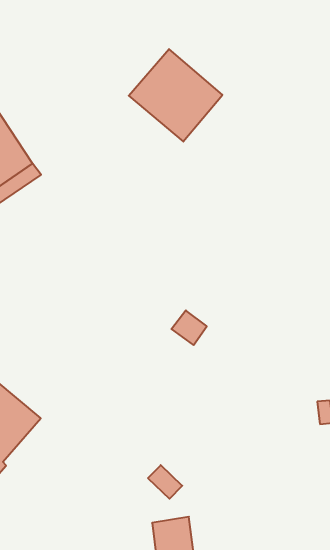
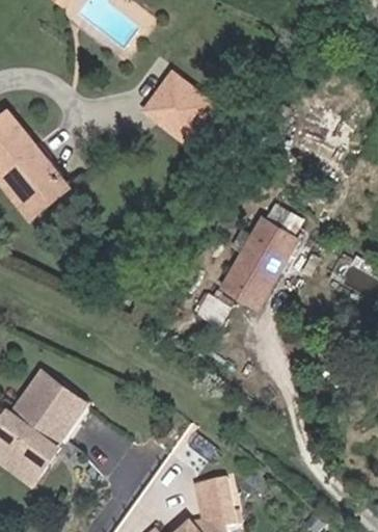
building: none -> [221,207,300,309]

